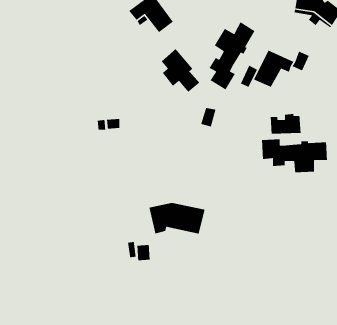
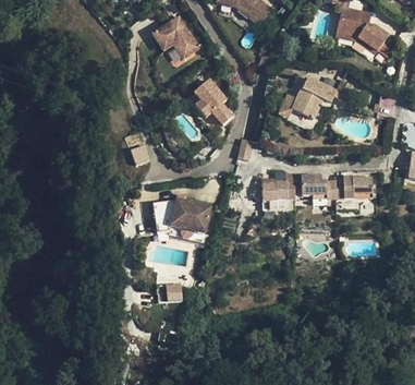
building: [208,21,256,91] -> none
building: [270,113,301,134] -> [260,179,294,202]
building: [149,202,205,235] -> [147,201,208,236]

